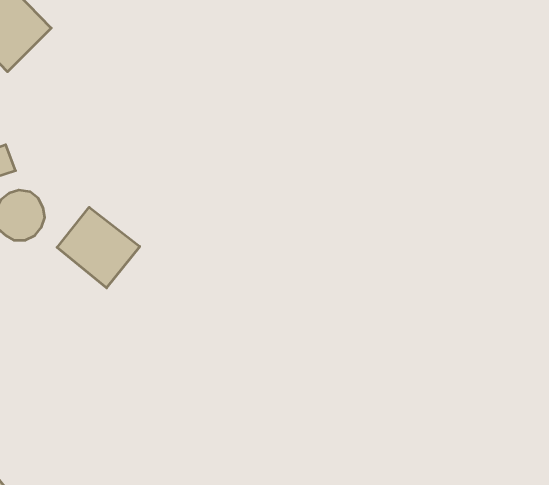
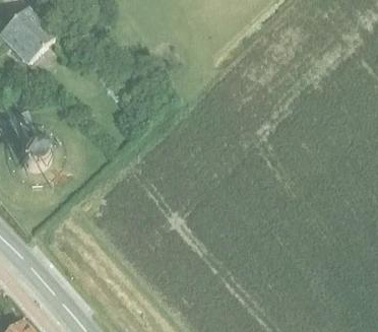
building: [57,207,140,288] -> none

